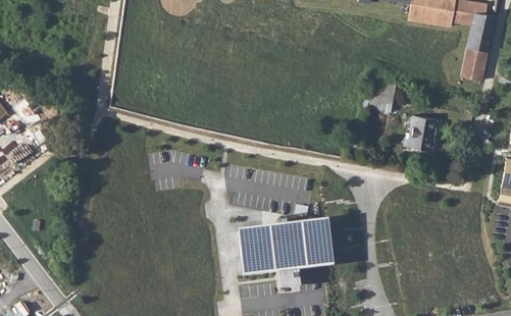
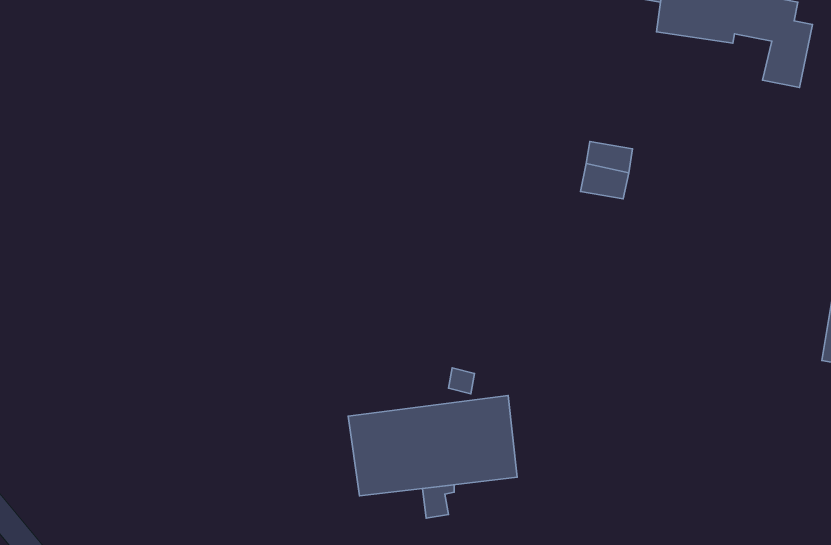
building: [461,45,488,78] -> none
building: [404,114,437,150] -> none

